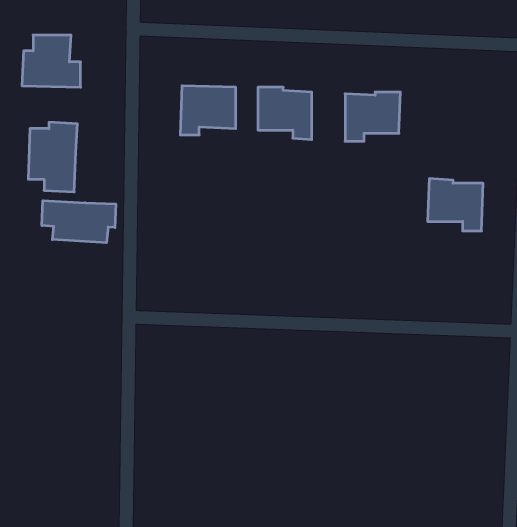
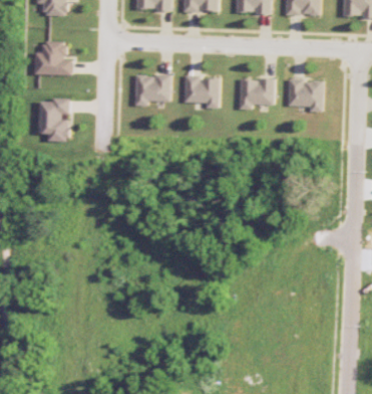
building: [428,179,483,231] -> [288,78,323,112]
building: [42,201,116,243] -> none

